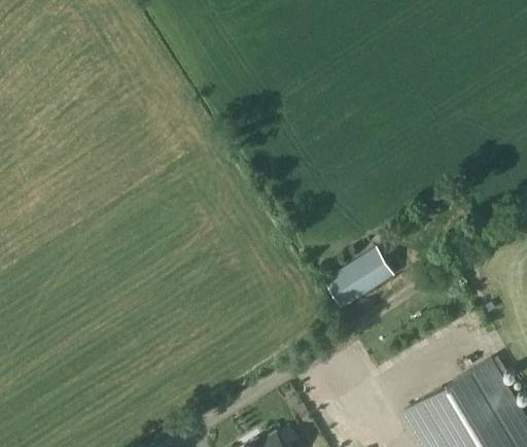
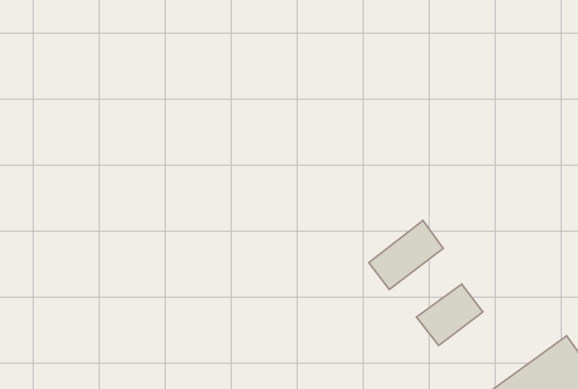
building: none -> [416,284,483,345]

